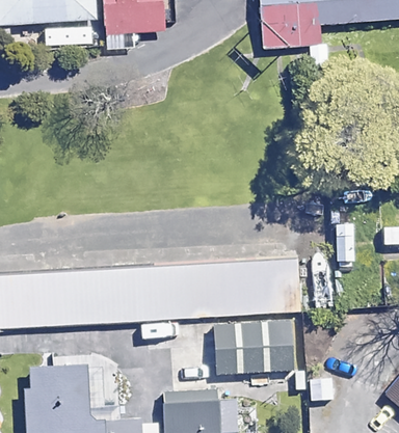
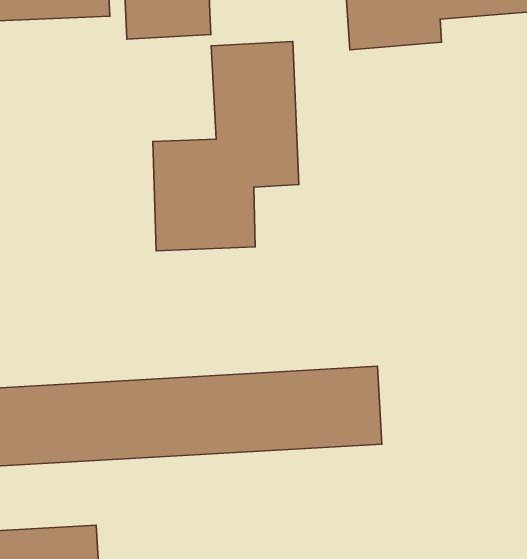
building: none -> [153,42,299,251]
building: [215,323,296,377] -> none

